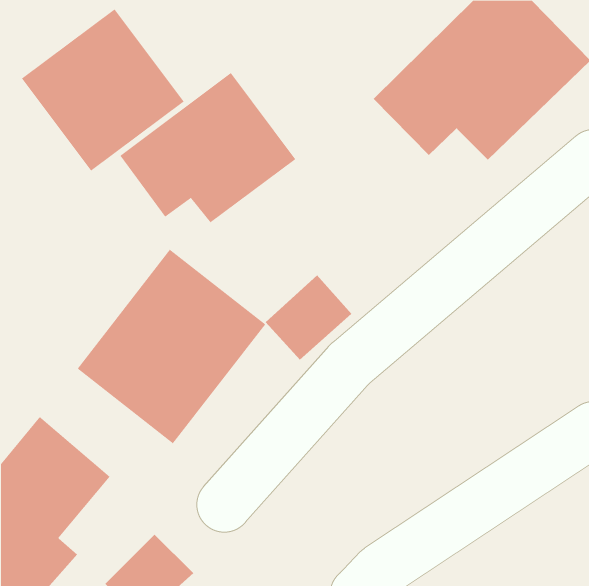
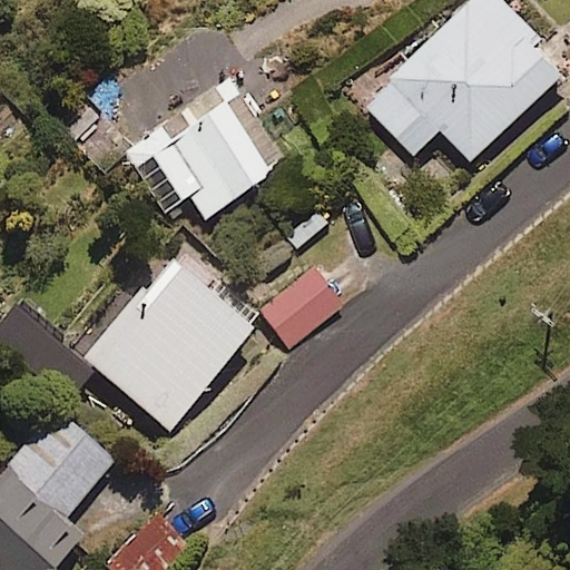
building: [21,8,185,172] -> none

